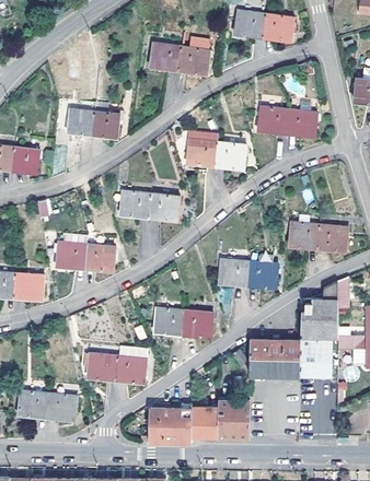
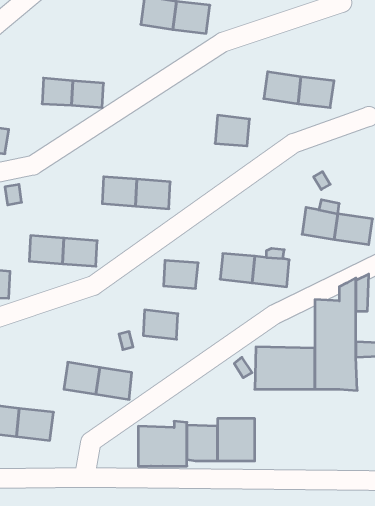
building: [186,140,218,166] -> none
building: [183,312,212,336] -> [164,260,198,288]

